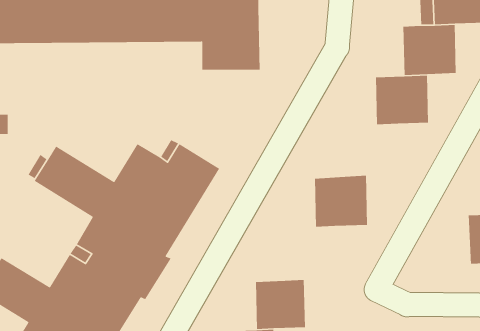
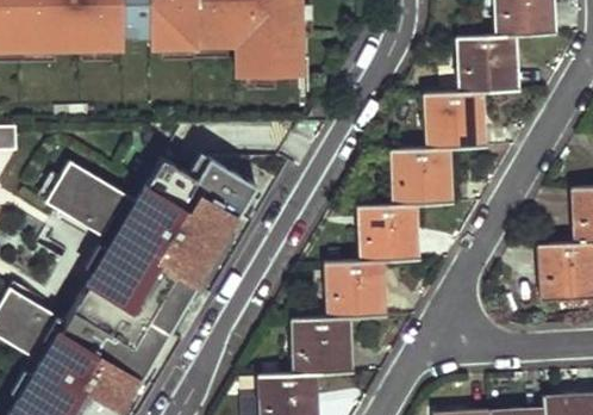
building: none -> [400,141,458,199]
building: none -> [326,256,386,317]

